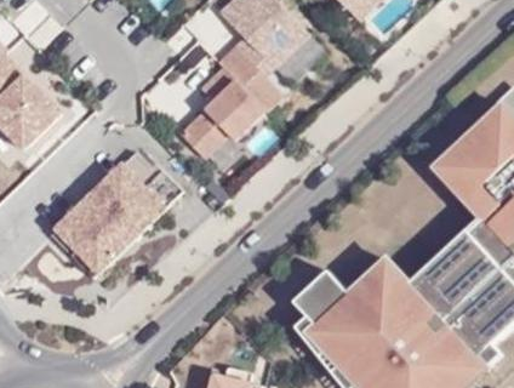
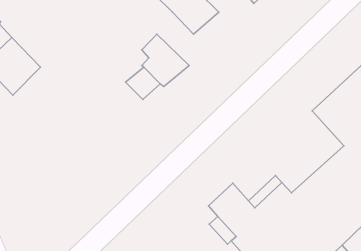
building: [216,34,284,109] -> none
building: [51,160,167,274] -> none

